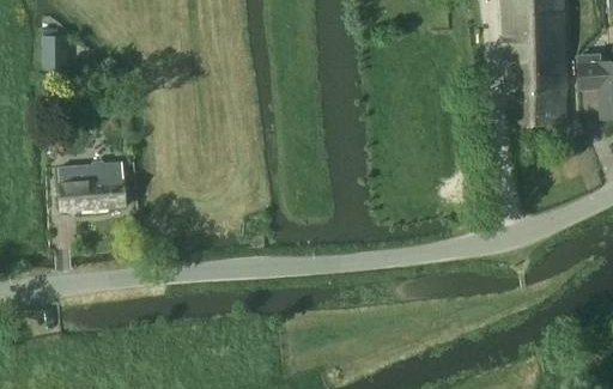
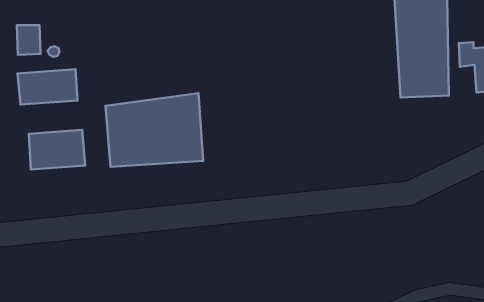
building: none -> [17,69,77,105]
building: none -> [106,93,203,167]

